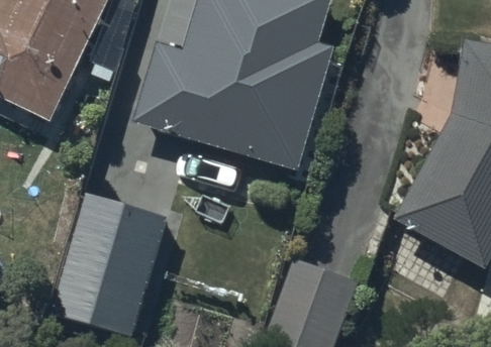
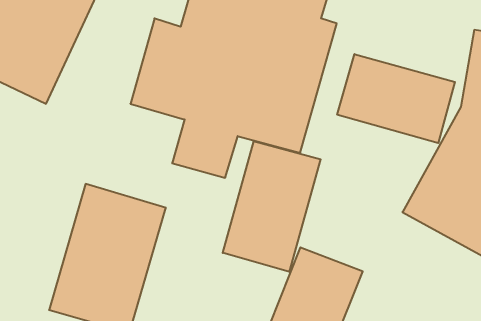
building: none -> [337,54,455,143]
building: none -> [223,141,321,272]

